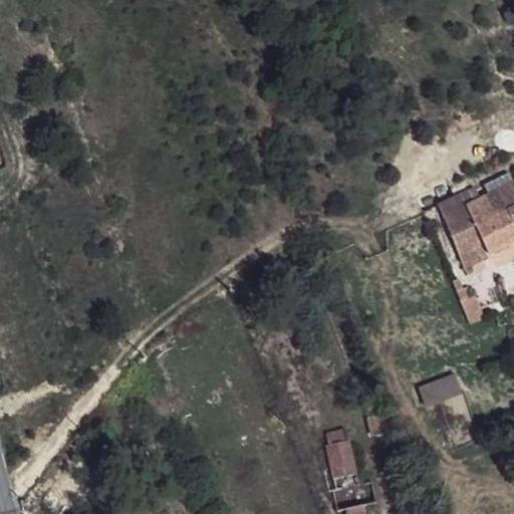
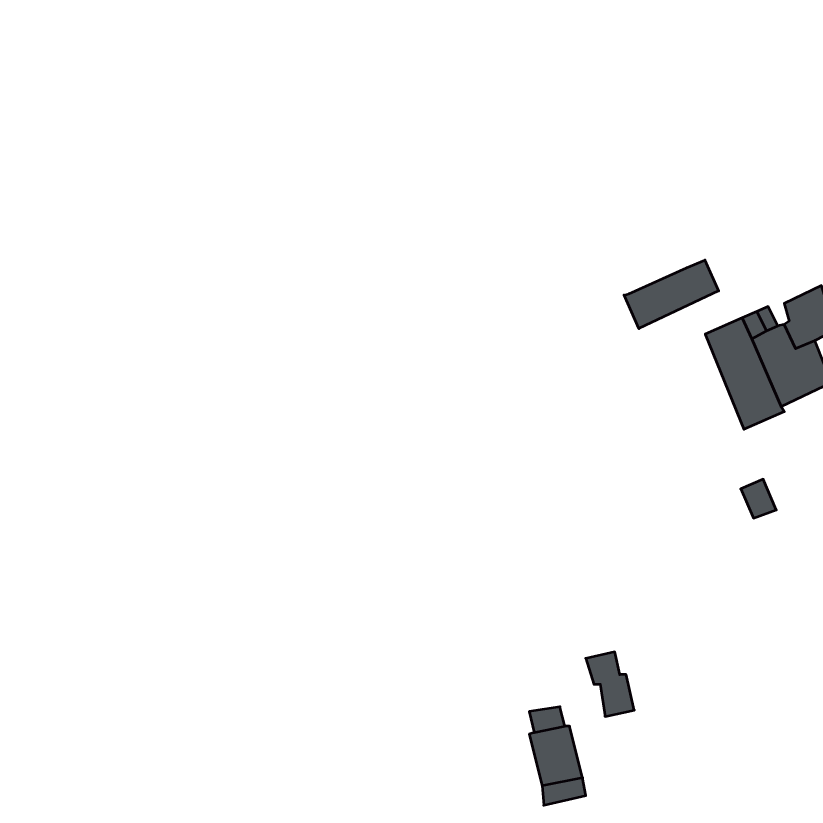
building: none -> [624,260,719,329]
building: [418,373,461,407] -> none

